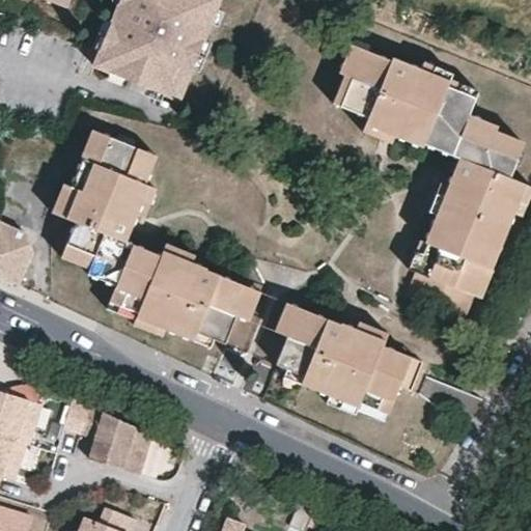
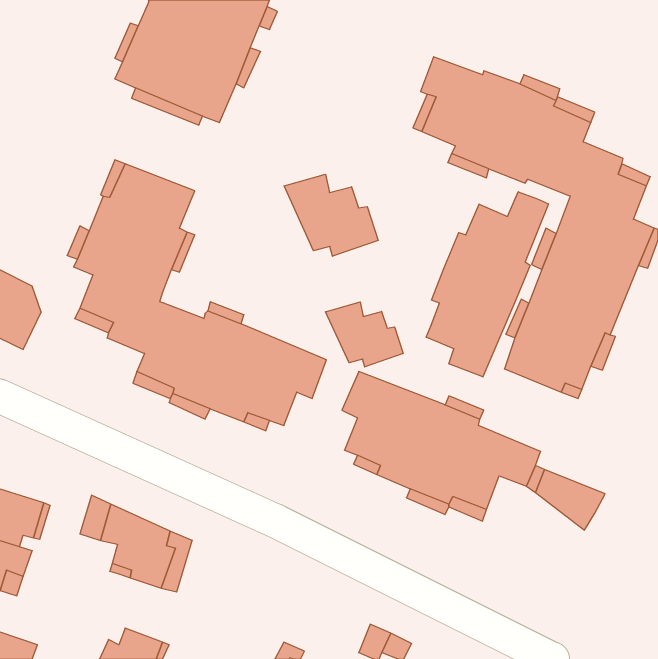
building: none -> [284,174,378,256]
building: none -> [426,192,548,377]
building: none -> [326,302,403,367]

